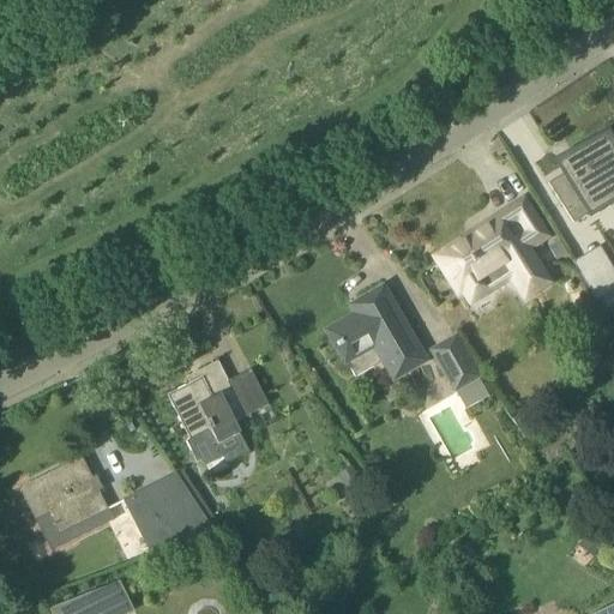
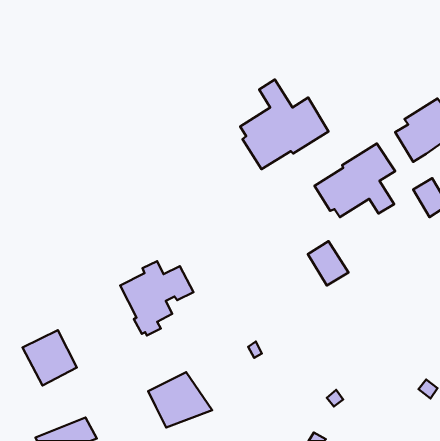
building: none -> [240,79,328,169]
building: [327,287,429,381] -> none
building: [126,476,215,553] -> [148,372,212,428]

